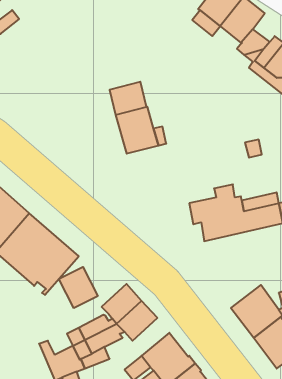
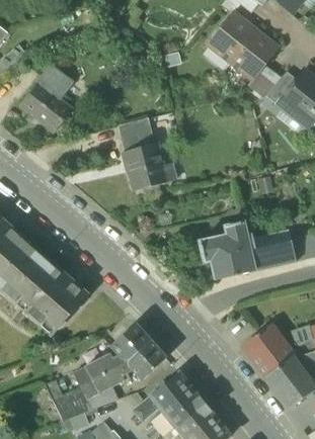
building: none -> [20,68,73,133]
building: [59,267,98,308] -> none

